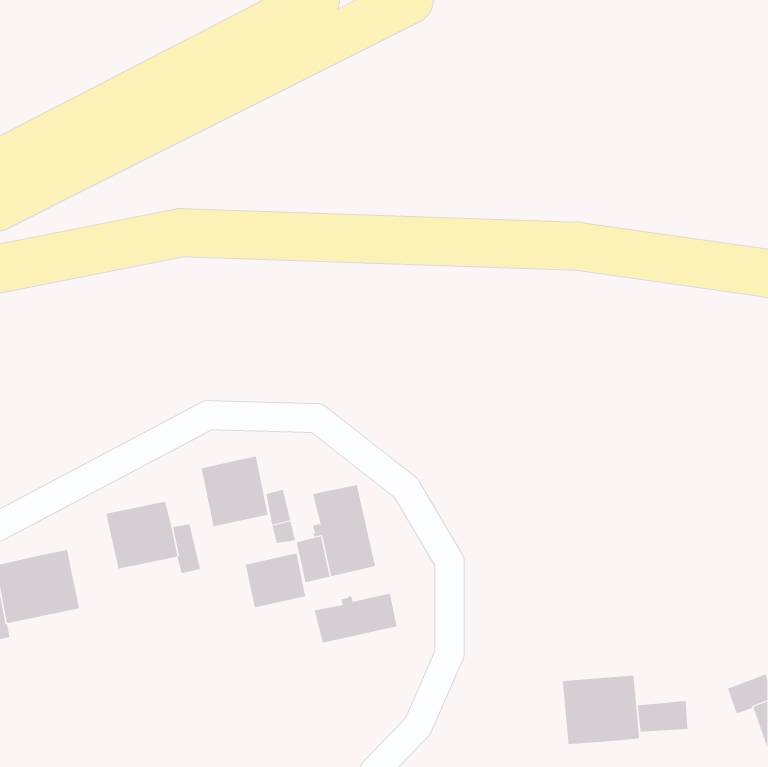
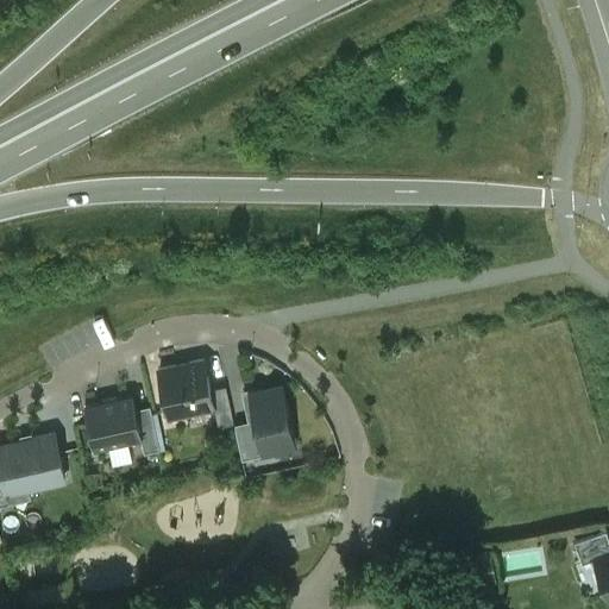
building: [245,553,306,608] -> none
building: [314,593,397,644] -> none
building: [562,675,640,745] -> none

